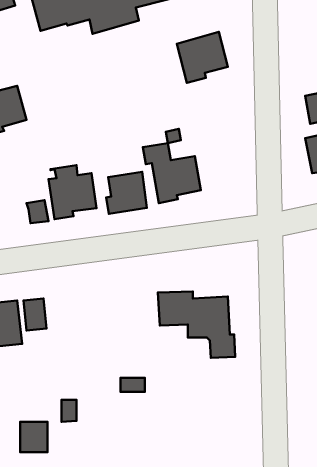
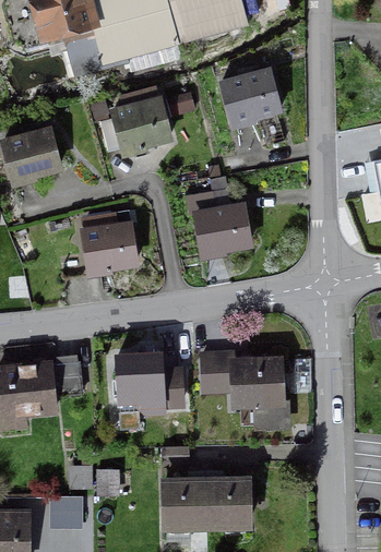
building: none -> [115,98,170,153]
building: [106,172,147,214] -> none
building: none -> [112,353,182,409]
building: none -> [166,470,249,535]

